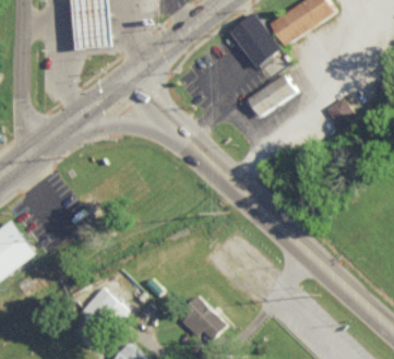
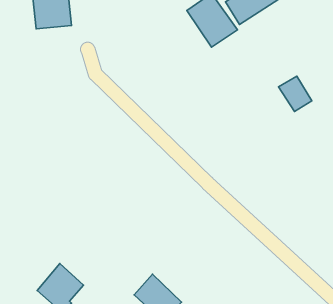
building: [241,74,295,118] -> none

